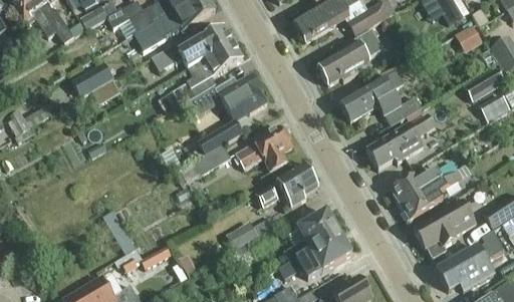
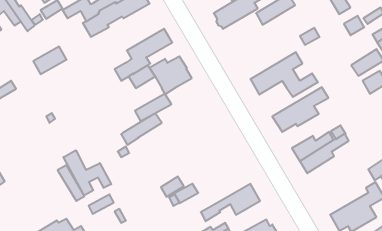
building: [152,24,234,70] -> none
building: [318,28,383,83] -> none
building: [236,125,293,171] -> none
building: [255,164,318,207] -> none
building: none -> [63,150,111,195]
building: [416,200,478,257] -> none
building: [288,210,340,259] -> none

